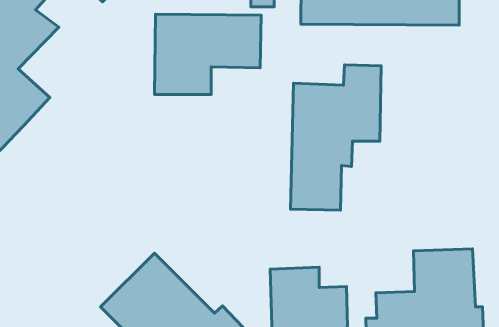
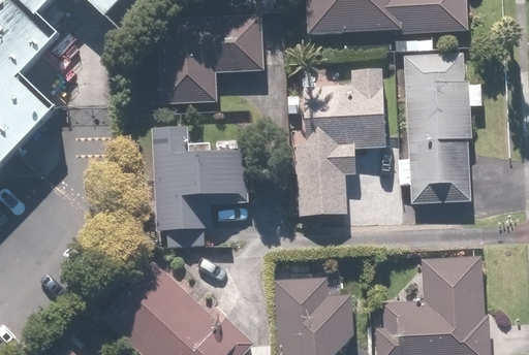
building: none -> [399,52,485,205]
building: none -> [153,127,249,247]

